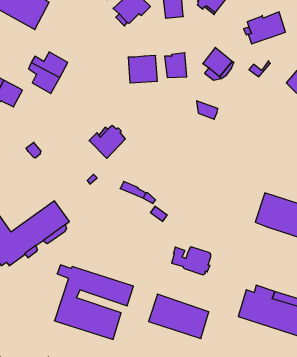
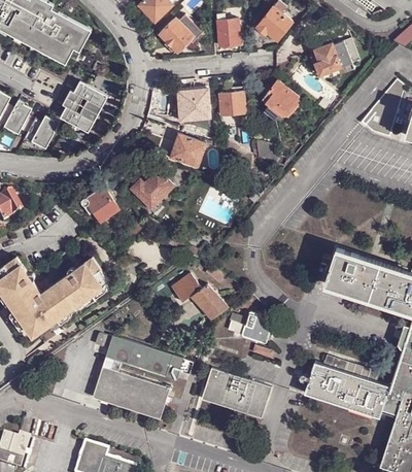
building: none -> [170,134,205,167]
building: none -> [81,184,118,222]
building: none -> [170,274,227,319]

